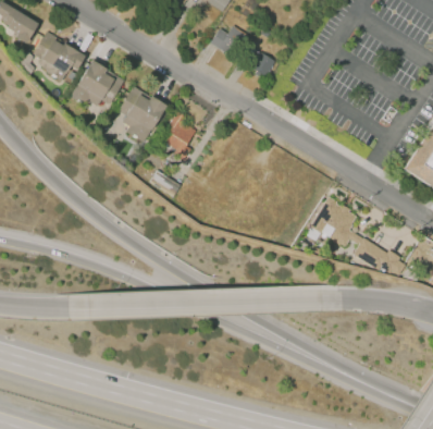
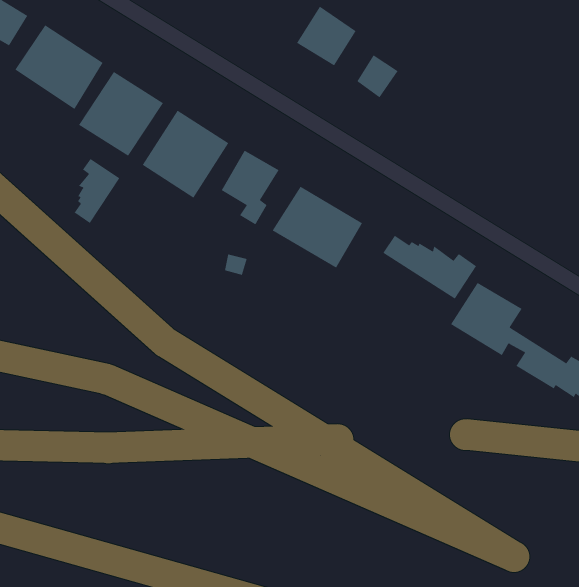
building: none -> [74,158,120,224]
building: none -> [272,186,363,268]
building: none -> [383,235,477,300]

